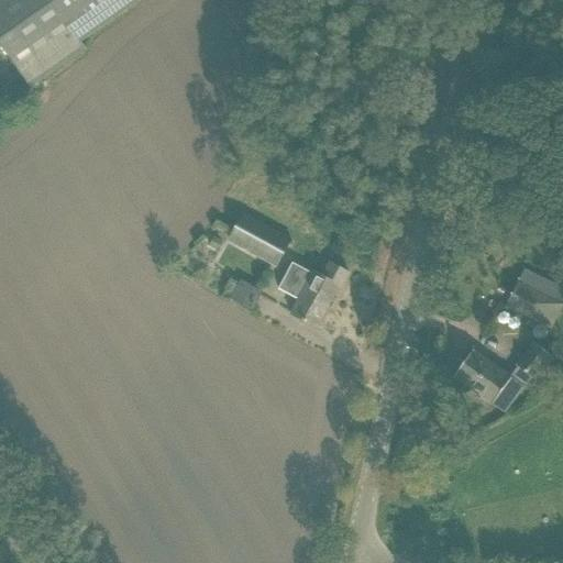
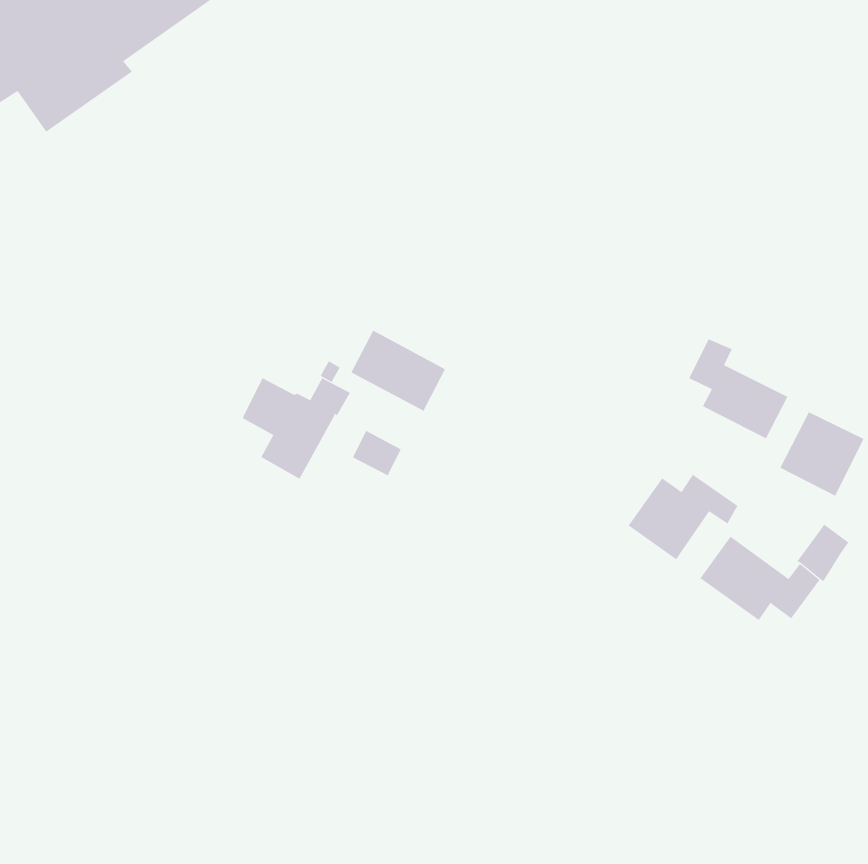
building: none -> [689,338,788,439]
building: [277,260,347,325] -> [242,377,351,479]
building: none -> [628,474,738,560]

